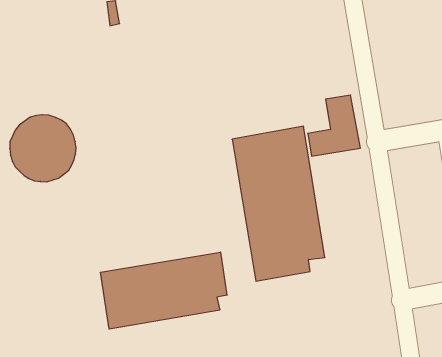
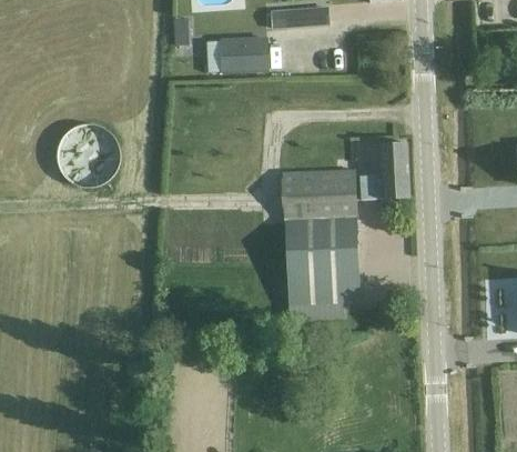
building: none -> [219,37,265,72]
building: [100,252,227,329] -> none

